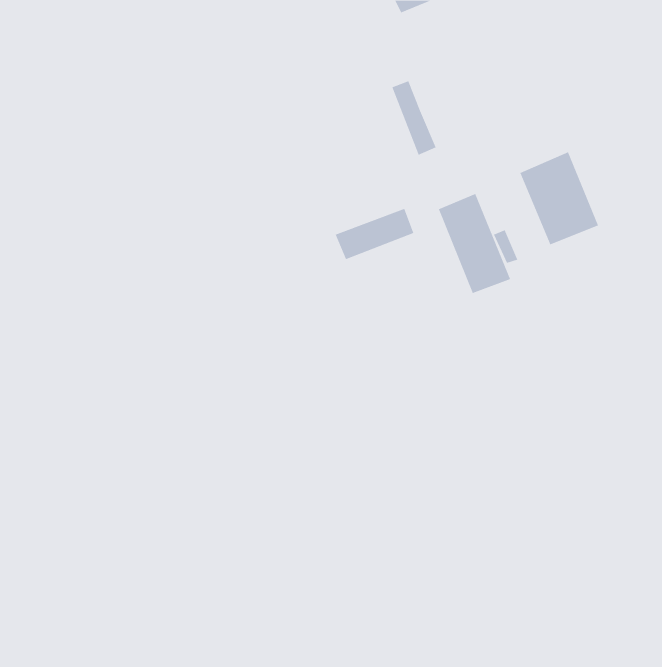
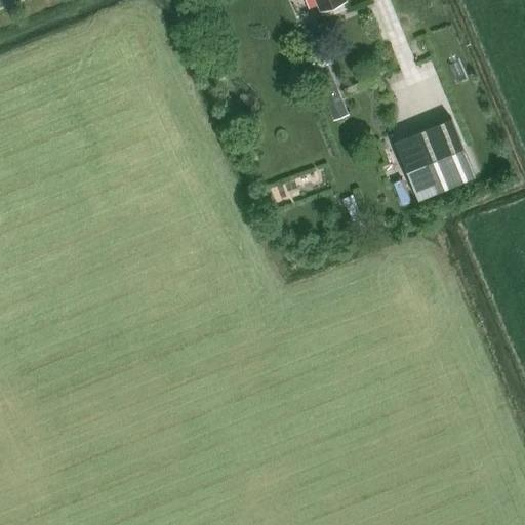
building: [438,193,511,294] -> none

